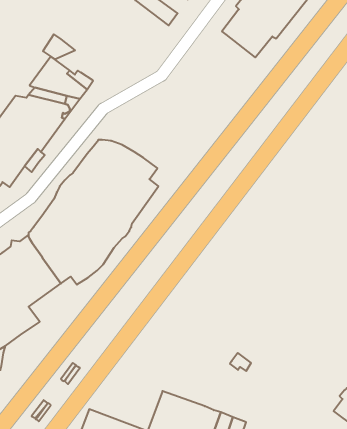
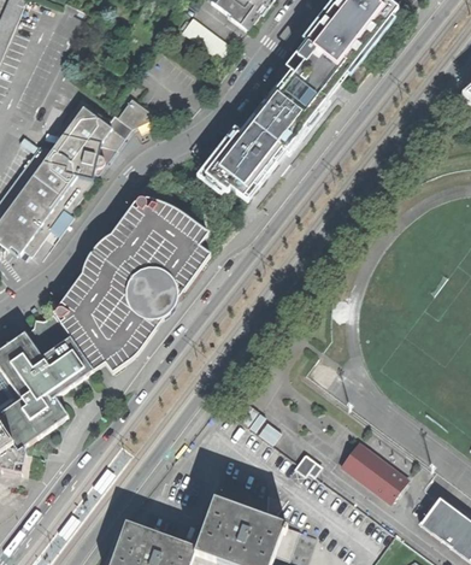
building: [43,34,75,59] -> [116,96,154,126]
building: none -> [195,71,329,200]
building: none -> [338,440,405,501]

